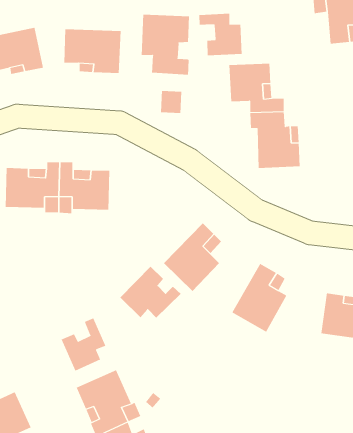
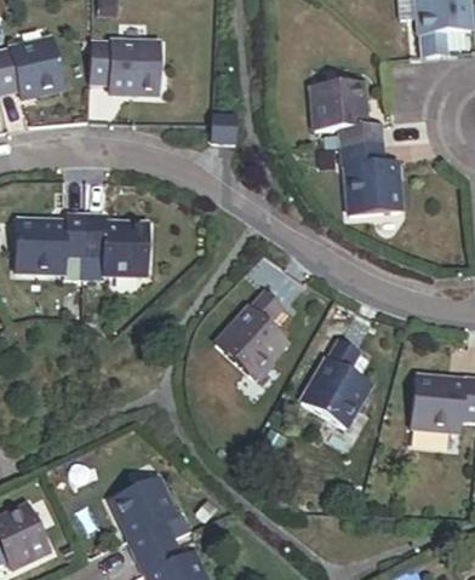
building: [199,13,242,56] -> none
building: [141,14,189,76] -> none
building: [120,266,181,319] -> none
building: [61,318,106,371] -> none

